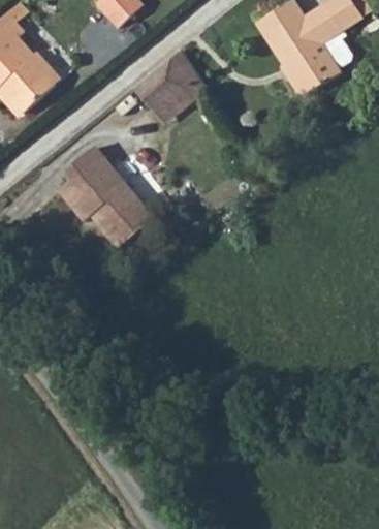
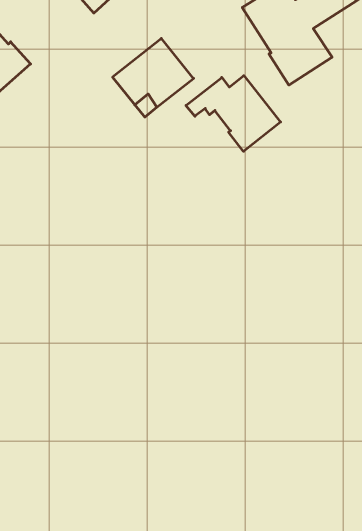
building: none -> [186,76,281,151]
building: [58,148,155,250] -> none

